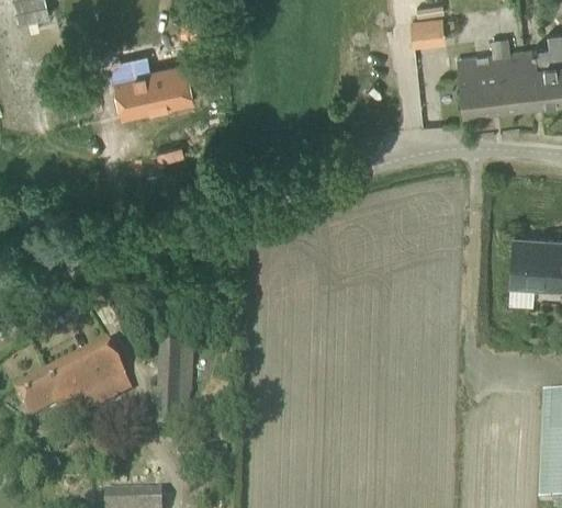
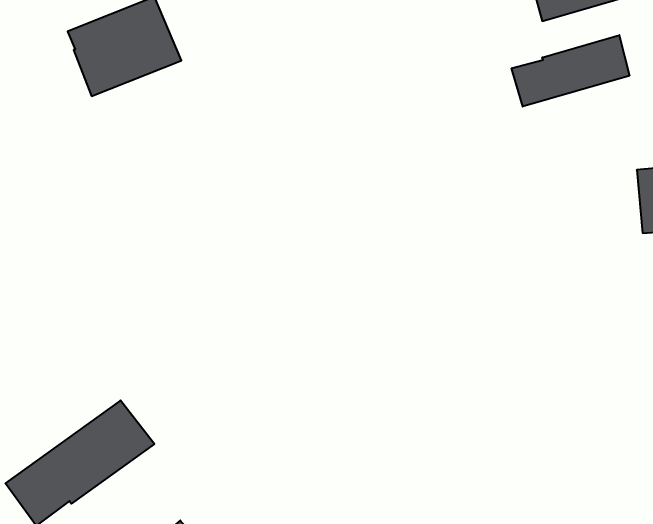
building: none -> [512,35,629,107]
building: [159,350,193,430] -> none

